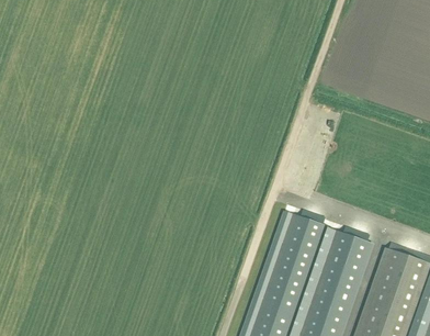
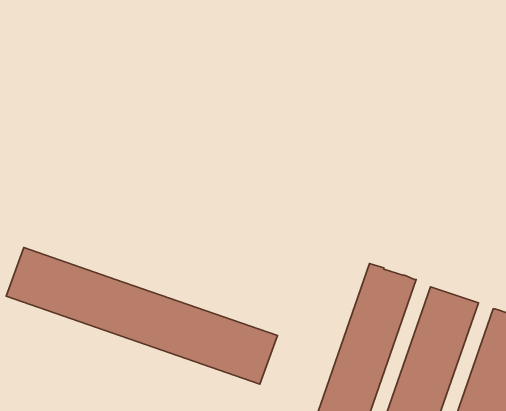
building: none -> [6,247,277,384]

